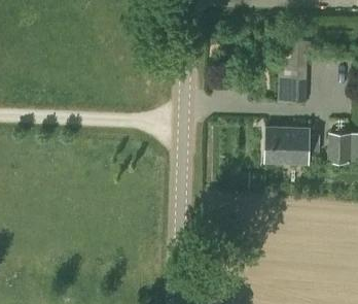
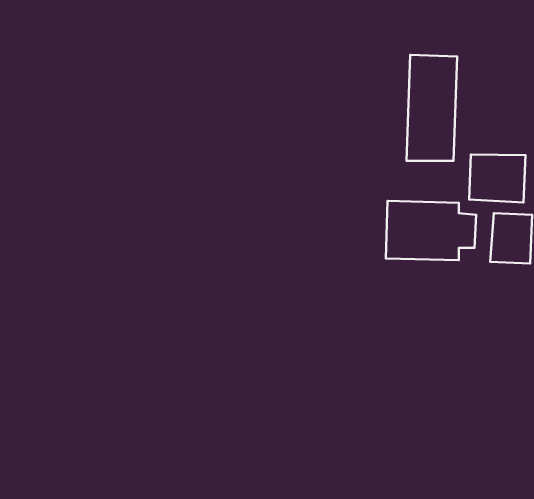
building: none -> [469,154,526,202]

